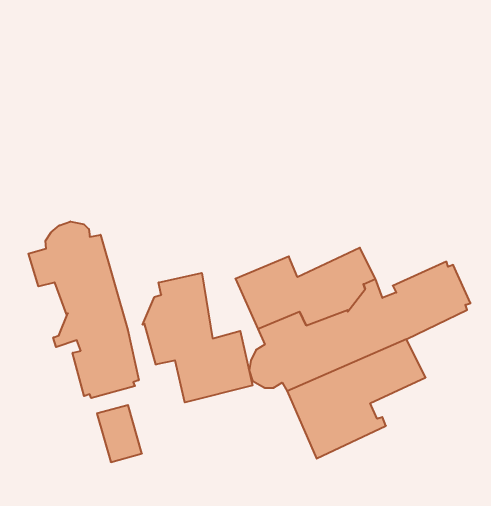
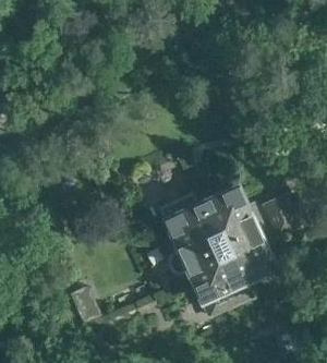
building: [28,221,139,398] -> none
building: [143,273,253,402] -> none

